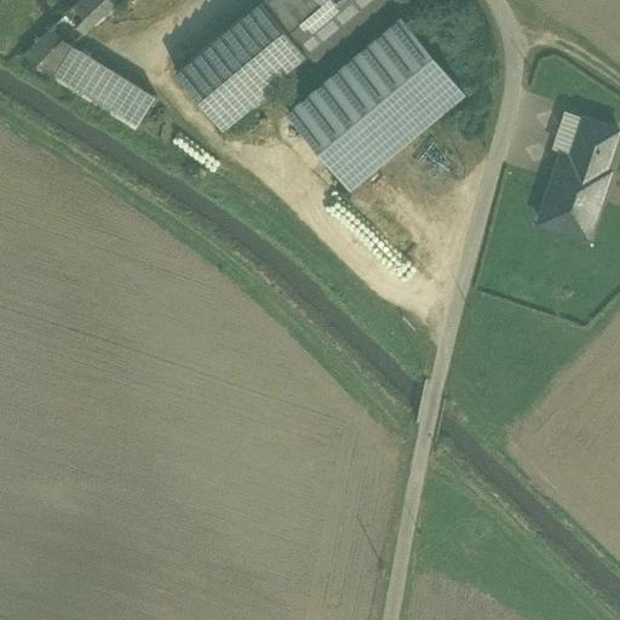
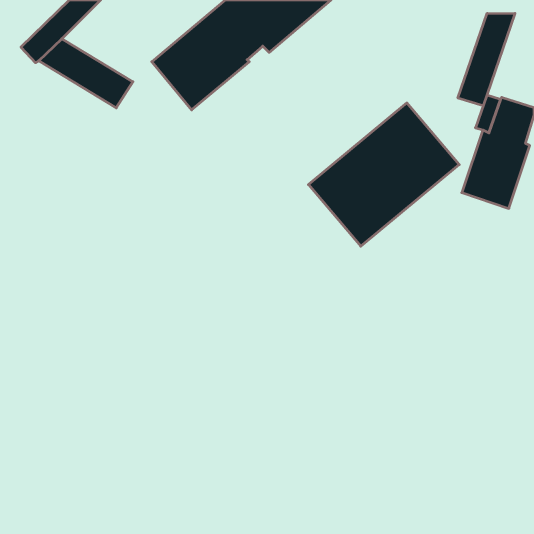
building: none -> [458,13,515,106]
building: [287,19,461,185] -> [308,103,459,246]

